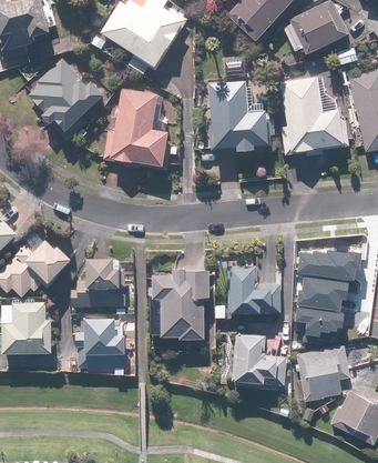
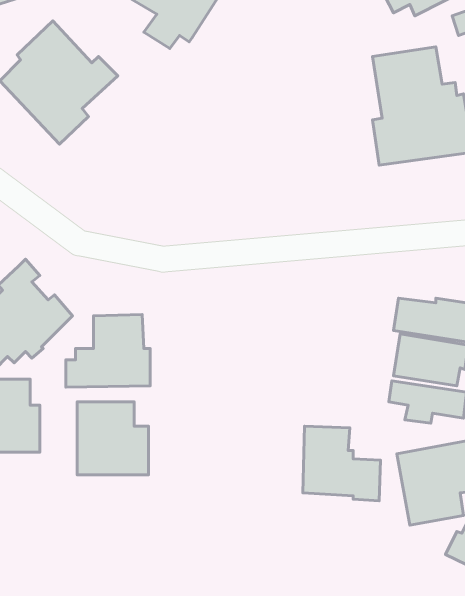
building: [207,81,272,151] -> none
building: [99,89,170,165] -> none
building: [222,259,275,314] -> none
building: [152,270,212,339] -> none

